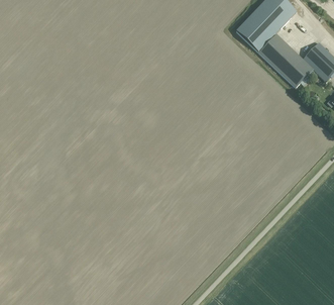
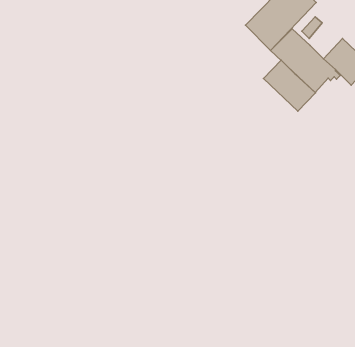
building: none -> [263,60,315,111]

